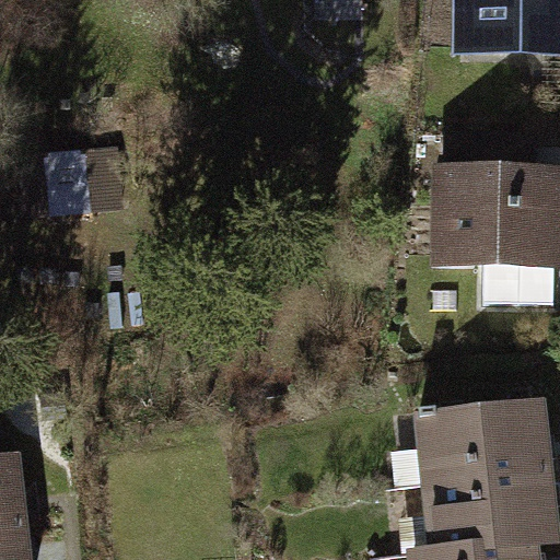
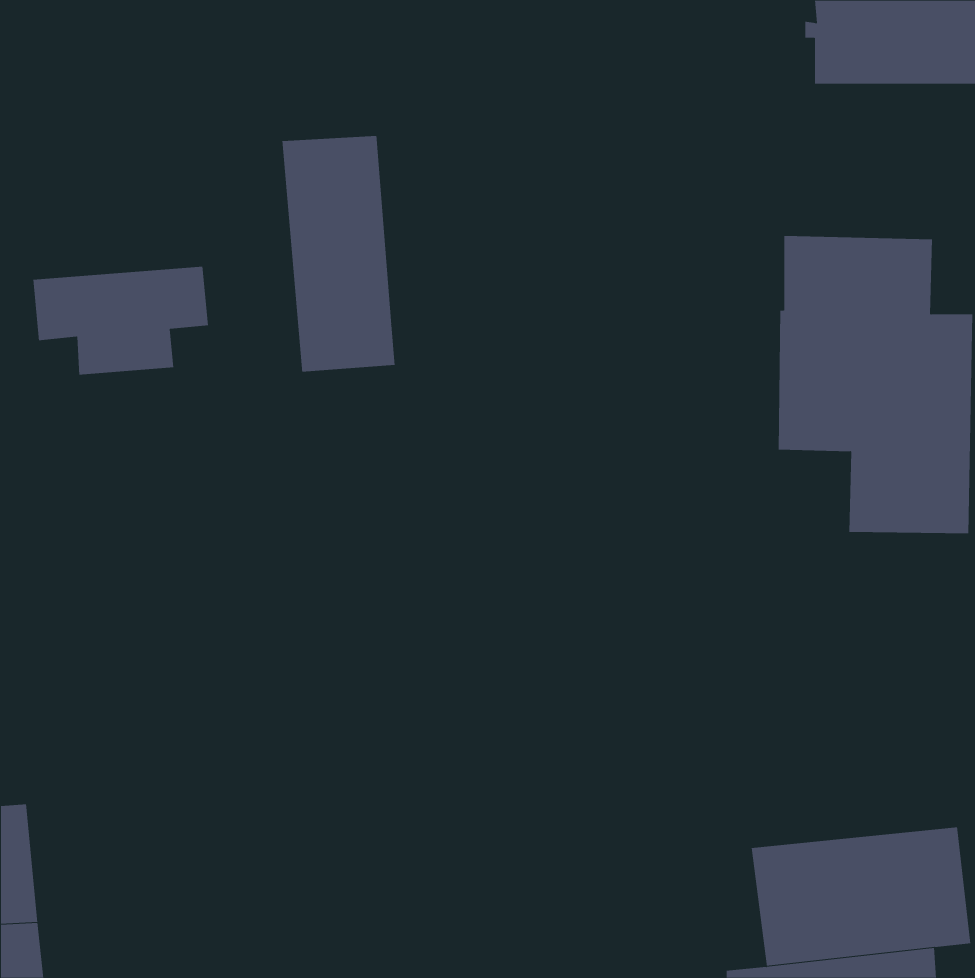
building: none -> [282,135,395,373]
building: [423,405,549,485] -> none

